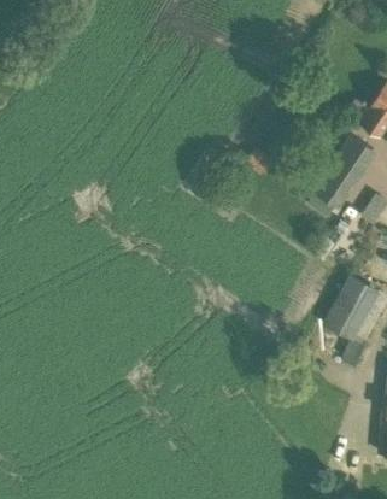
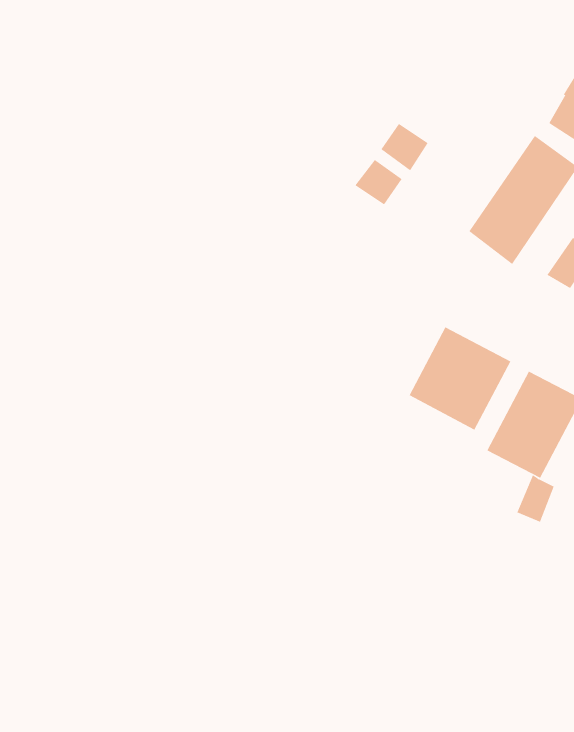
building: none -> [409,326,511,430]

